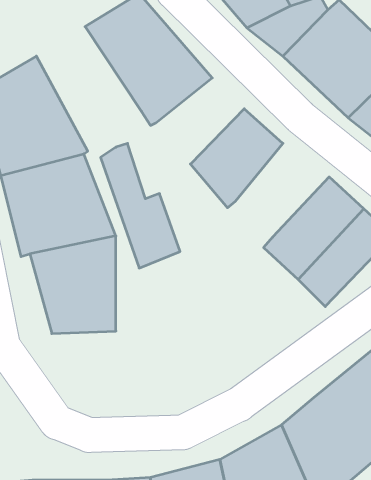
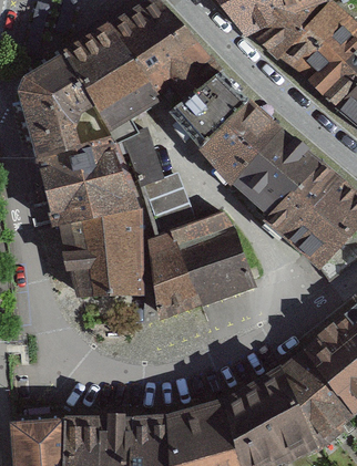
building: none -> [68,29,159,144]
building: none -> [171,73,247,147]
building: none -> [239,130,320,210]
building: none -> [149,211,252,311]

